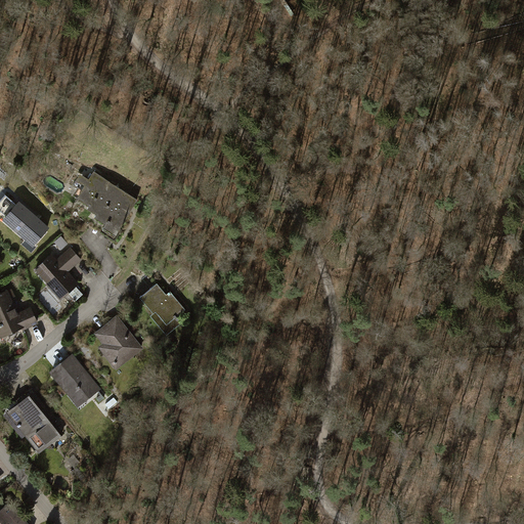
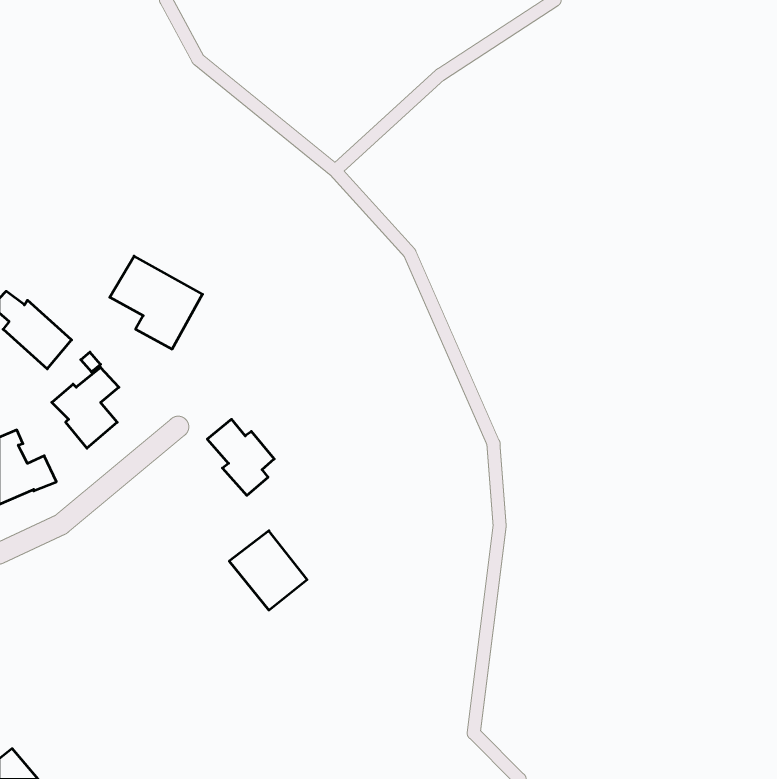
building: [89,317,141,370] -> [229,531,307,610]
building: [49,353,100,407] -> none
building: [8,393,64,452] -> none

